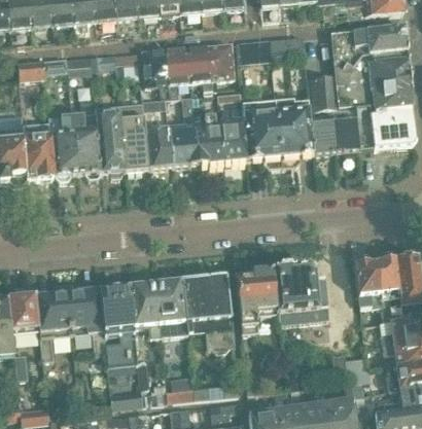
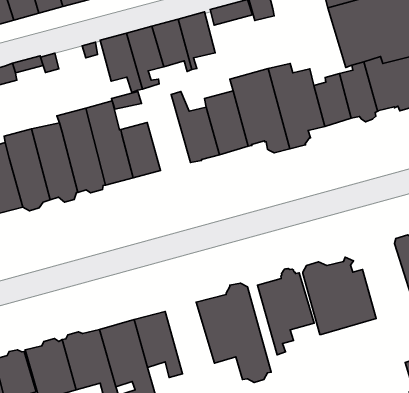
building: [311,74,339,109] -> none
building: [169,97,199,166] -> none
building: [156,280,187,335] -> none

